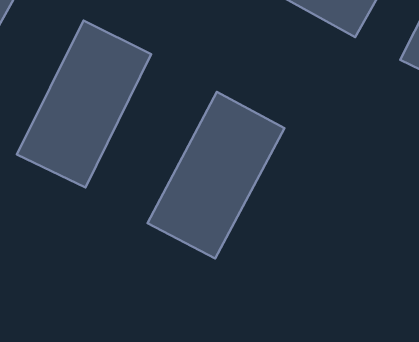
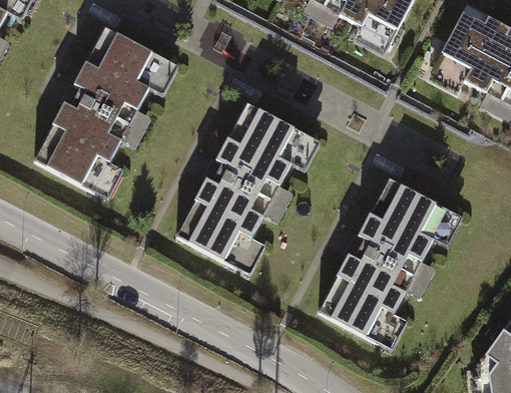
building: none -> [314,177,458,354]

